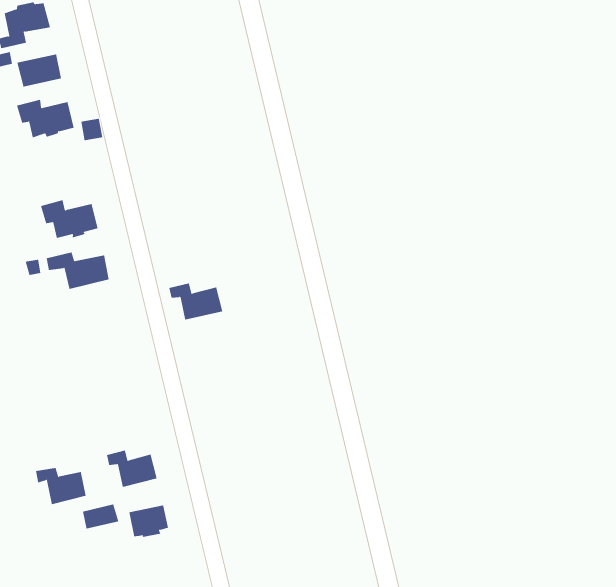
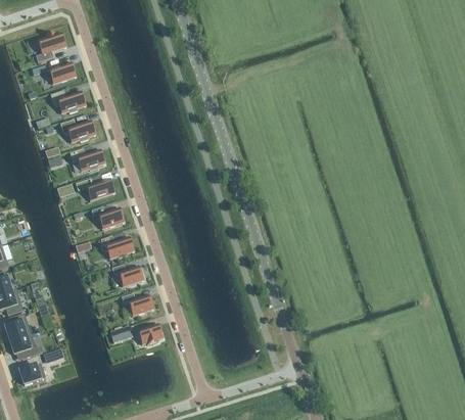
building: none -> [60,118,95,141]
building: [168,283,223,320] -> [91,205,125,228]
building: none -> [101,235,134,258]
building: [35,467,86,505] -> [111,264,143,286]

